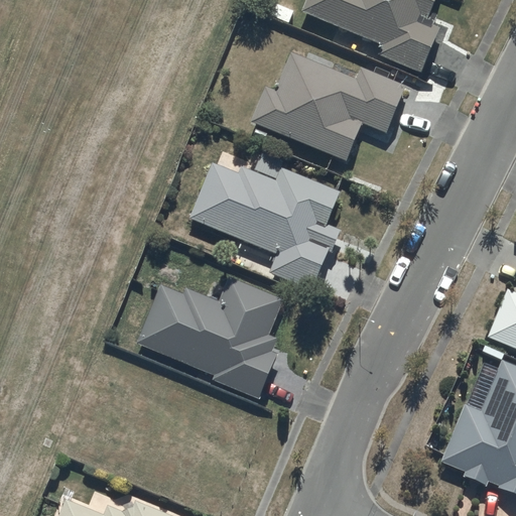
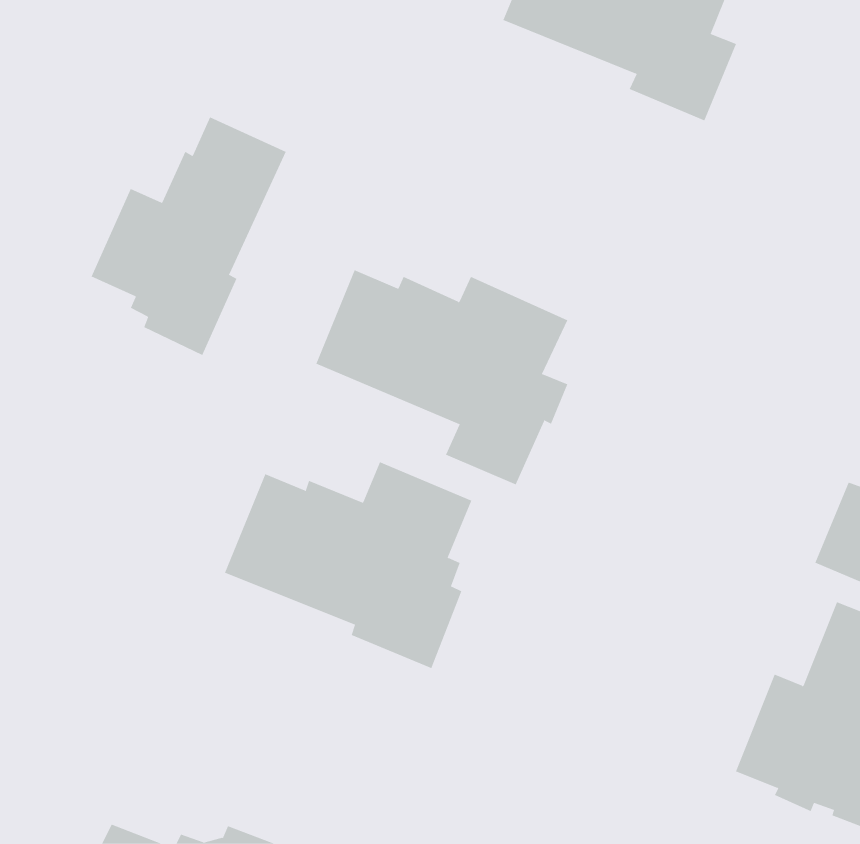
building: [250,51,404,161] -> none
building: none -> [91,116,286,356]

